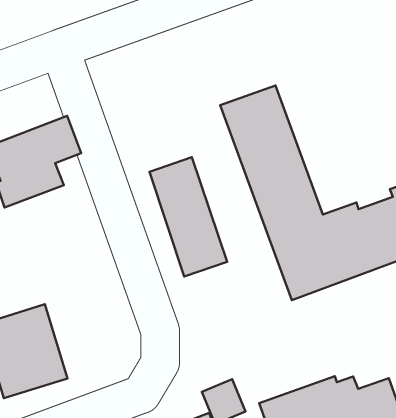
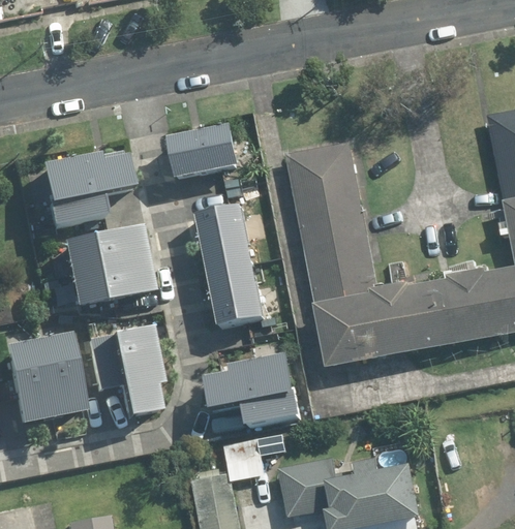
building: none -> [166,129,236,178]
building: none -> [62,221,153,304]
building: none -> [84,324,164,416]
building: none -> [207,352,301,429]

